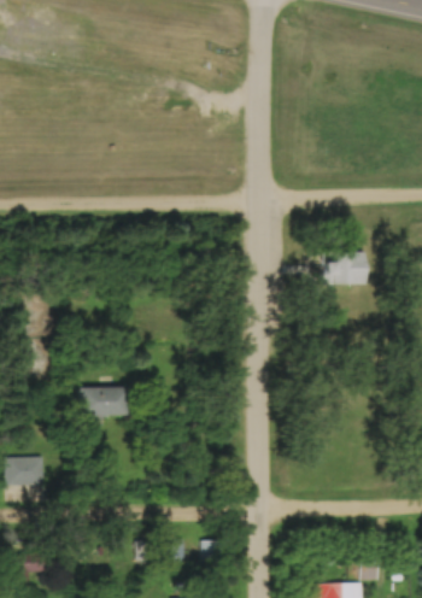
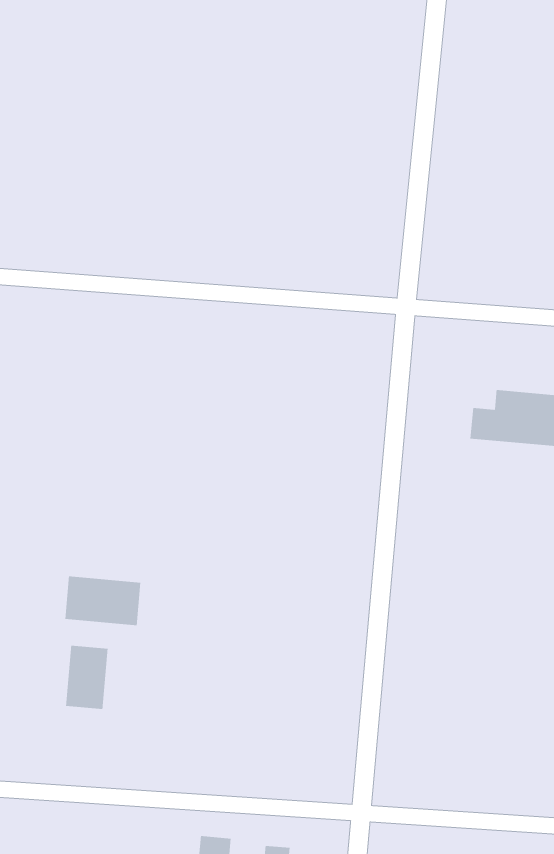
building: none -> [65,645,108,710]

